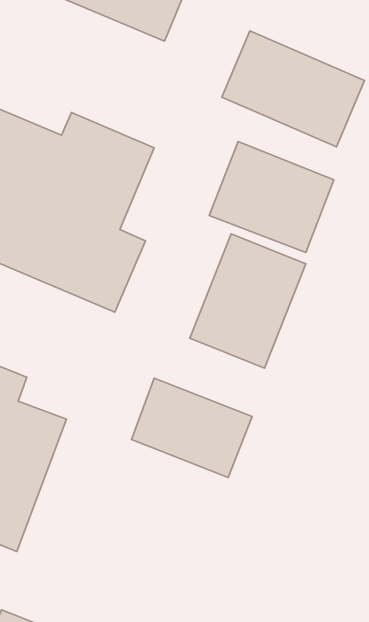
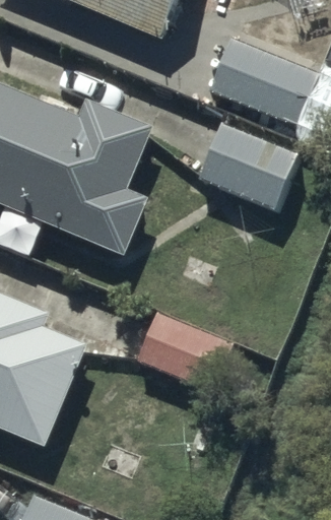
building: [190,234,306,368] -> none

